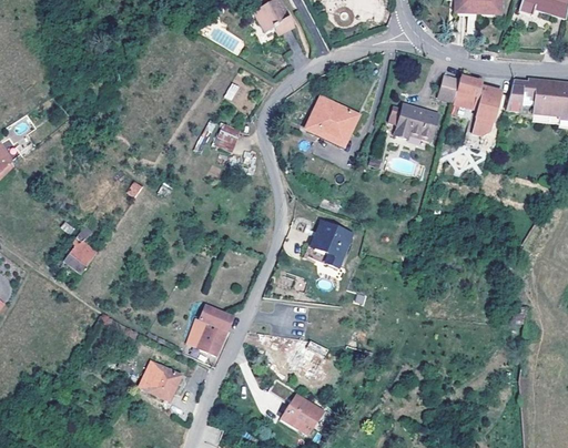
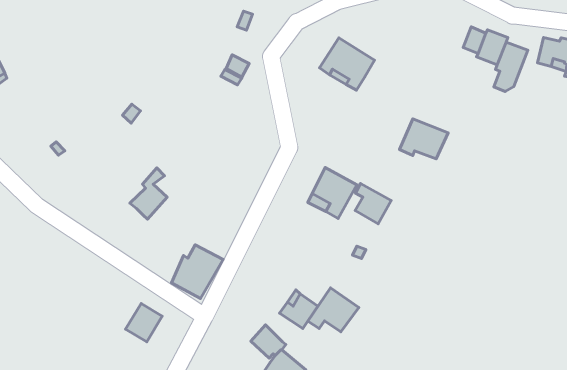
building: [395,104,439,140] -> [399,119,448,159]
building: [63,225,98,274] -> [130,168,167,219]
building: none -> [355,184,391,224]
building: none -> [308,288,359,332]

